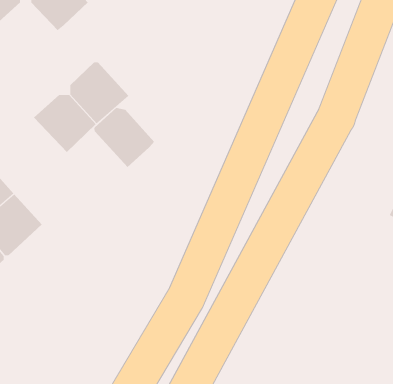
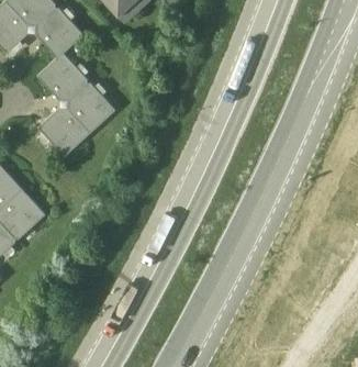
building: none -> [36,53,88,101]
building: [94,107,155,168] -> none

